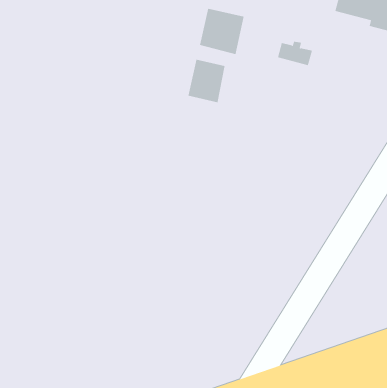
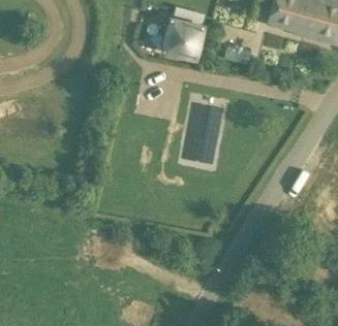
building: [188,59,225,103] -> none

